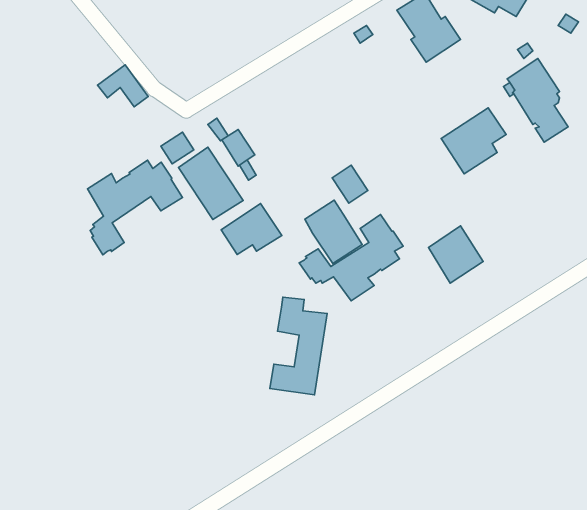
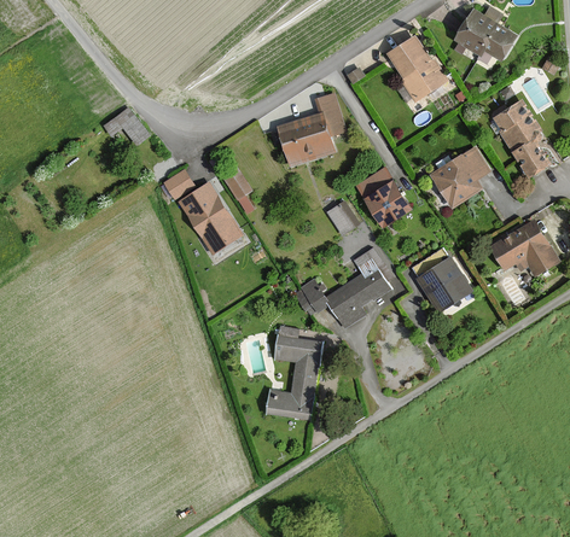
building: none -> [277,93,347,167]
building: [88,160,182,255] -> none
building: none -> [490,221,559,276]
building: [305,200,362,264] -> [356,168,411,228]
building: [221,204,282,254] -> none

